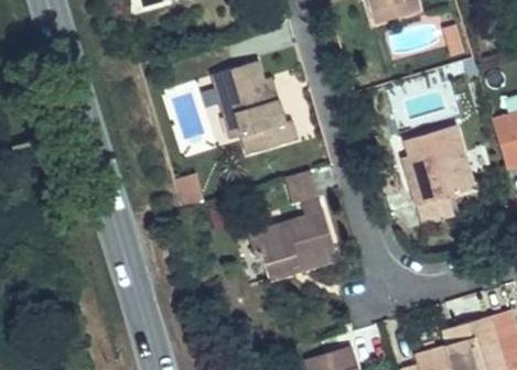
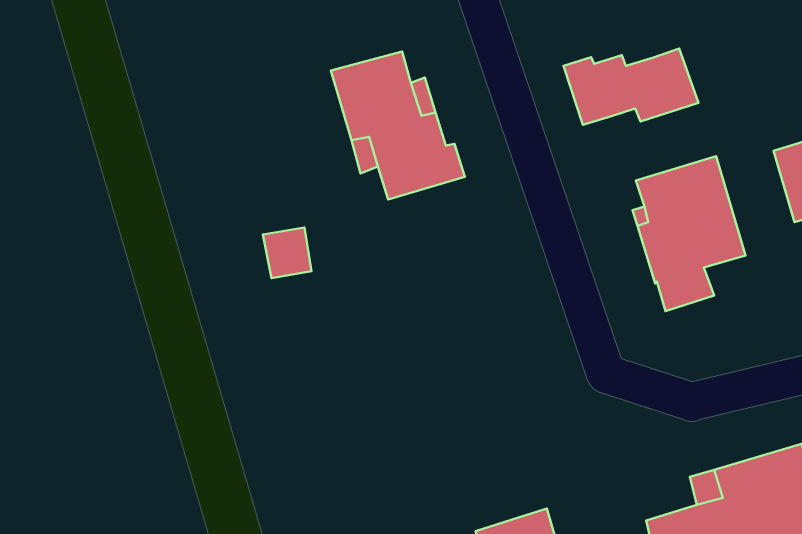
building: none -> [564,49,698,125]
building: [250,170,338,278] -> none

